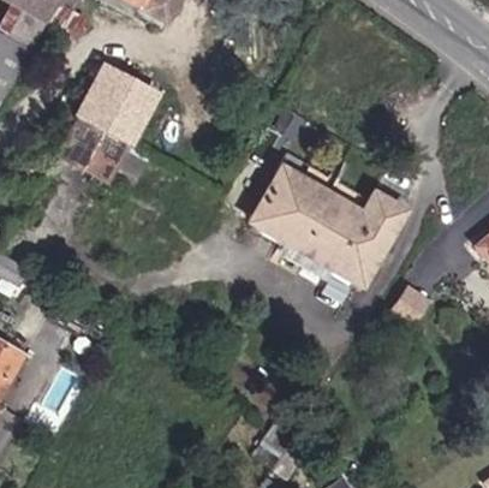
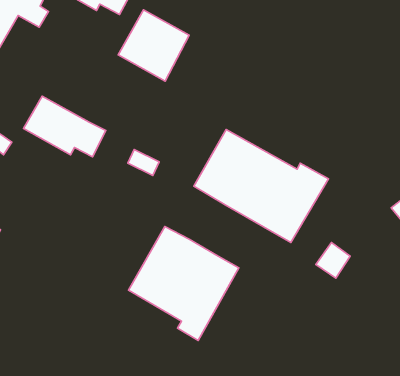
building: [74,64,156,145] -> [118,10,189,81]
building: none -> [129,226,239,340]

